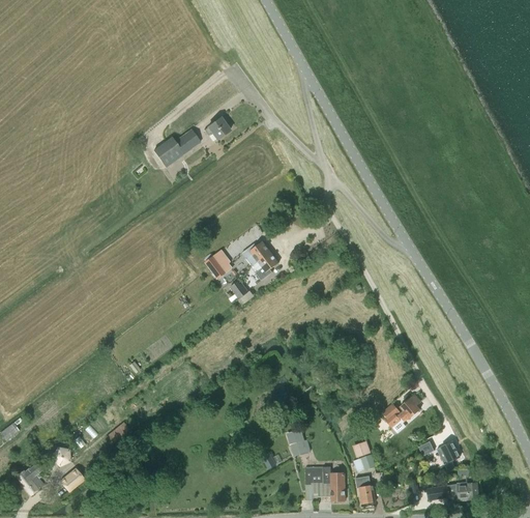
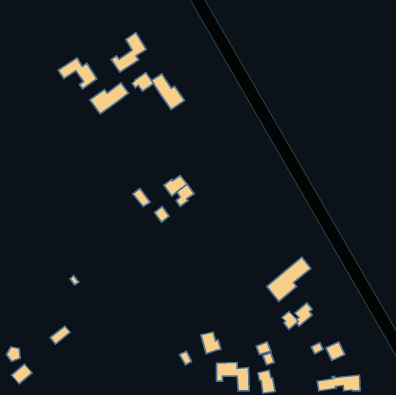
building: none -> [111,33,146,72]
building: none -> [58,58,97,89]
building: none -> [152,74,185,109]
building: none -> [267,257,311,302]

